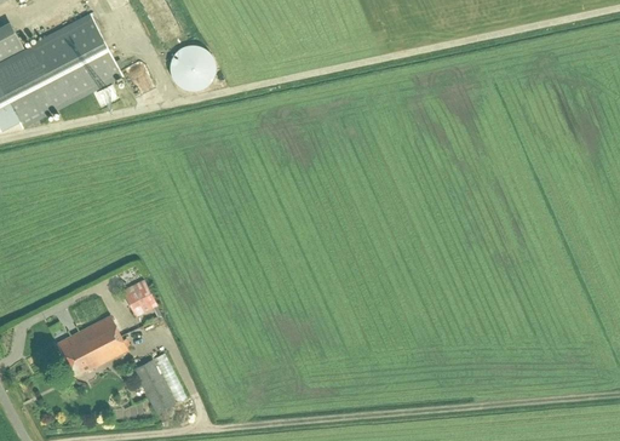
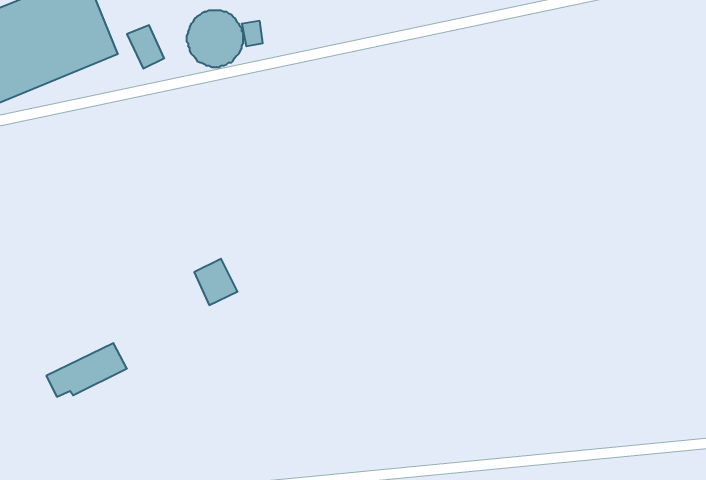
building: [124,280,159,317] -> [194,259,238,305]
building: [65,337,130,377] -> none
building: [134,361,176,414] -> none

